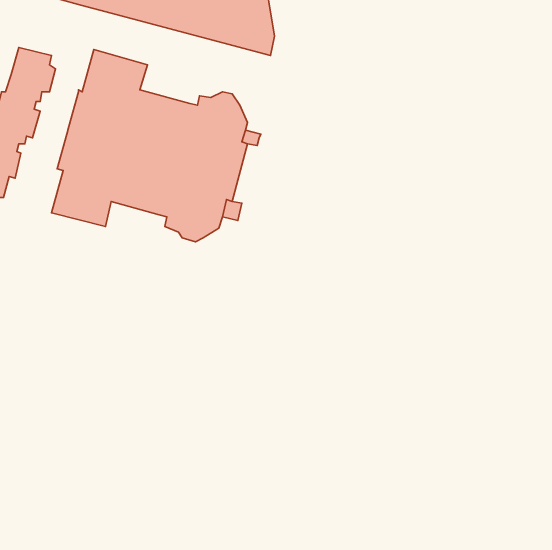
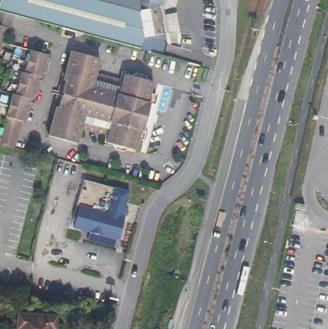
building: none -> [75,179,130,239]

